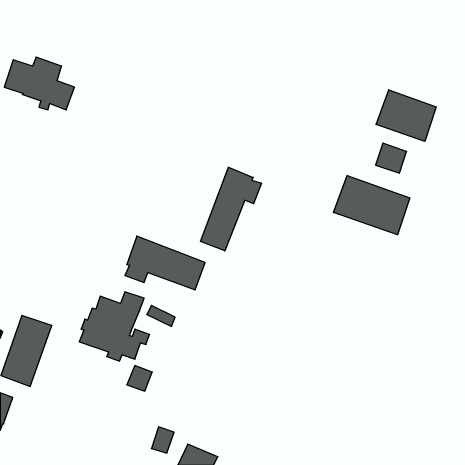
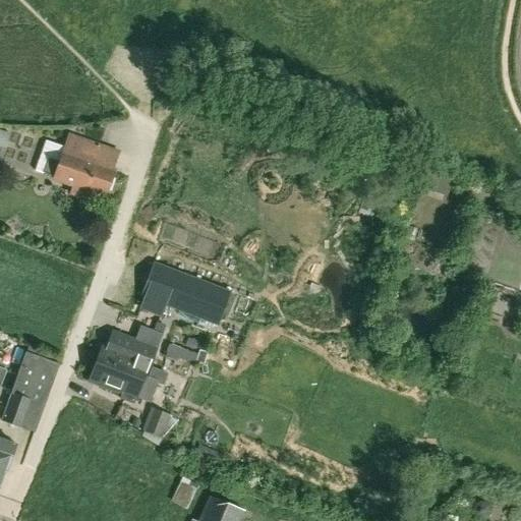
building: [4,57,74,110] -> [35,136,113,195]
building: [376,90,436,141] -> none
building: [201,167,261,251] -> none
building: [333,175,410,235] -> none

